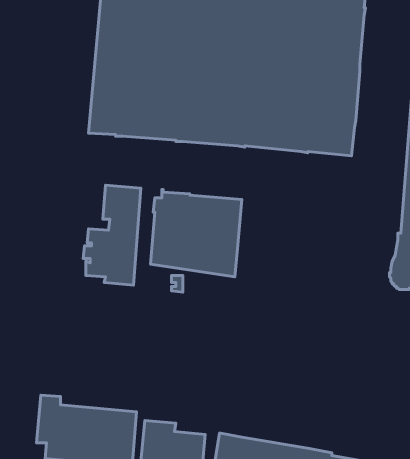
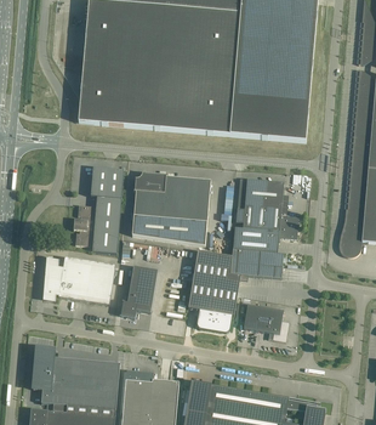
building: none -> [187,177,298,332]
building: none -> [45,256,115,305]
building: none -> [120,266,156,317]
building: none -> [243,304,289,341]

